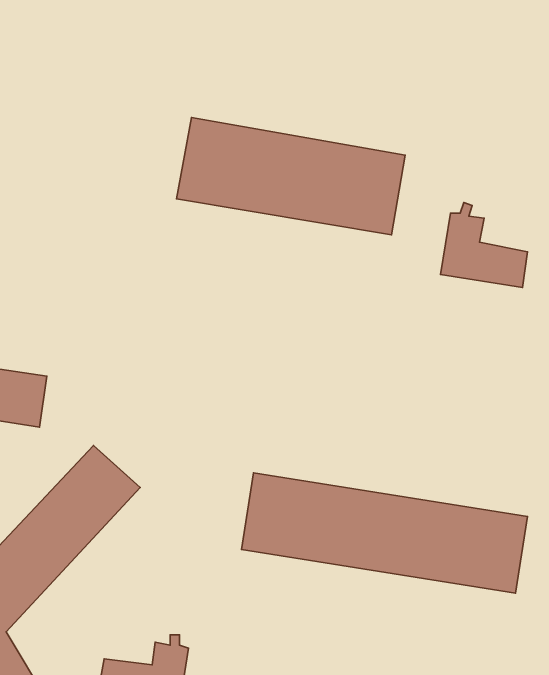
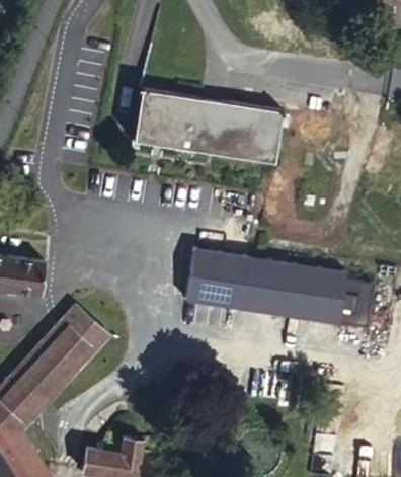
building: [440,203,528,287] -> none
building: [242,473,527,593] -> [182,251,375,332]

